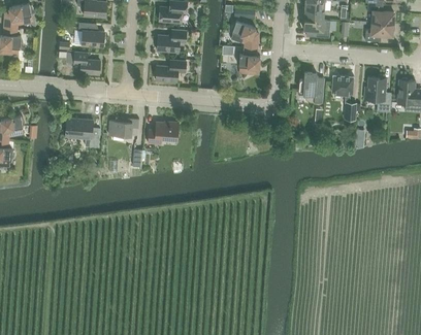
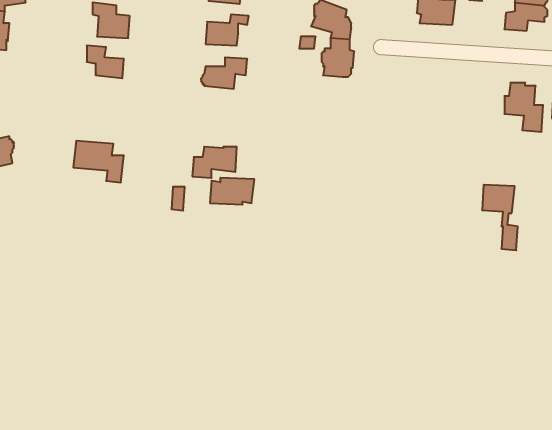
building: [298,73,324,104] -> none
building: [331,75,356,121] -> [482,185,518,250]
building: [108,119,139,137] -> [210,178,254,205]

